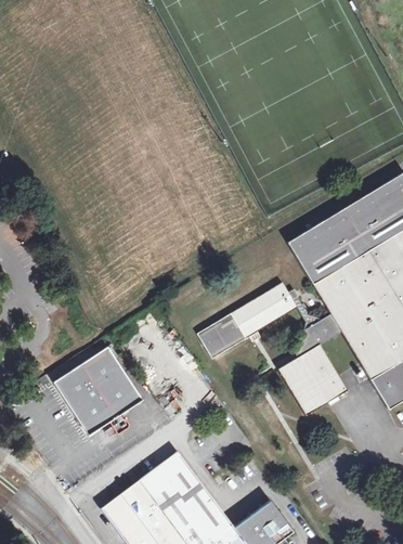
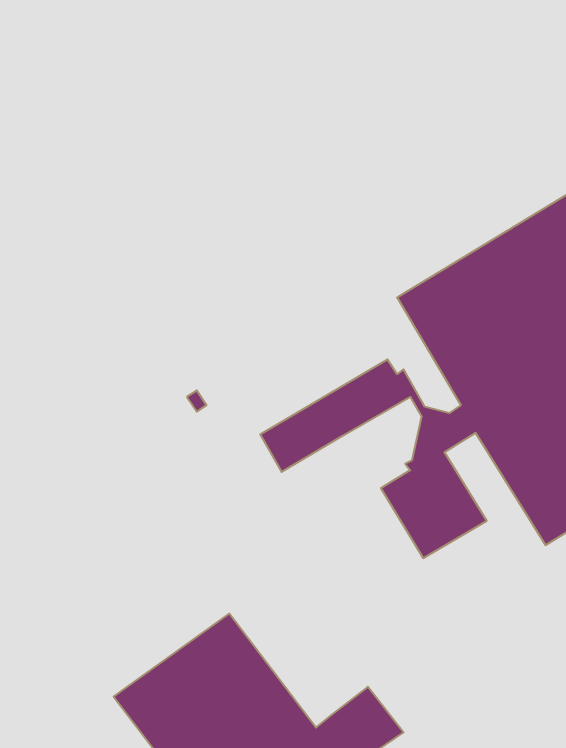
building: [54,347,143,435] -> none

